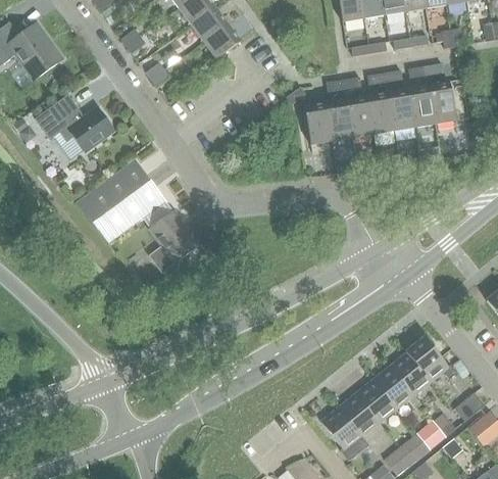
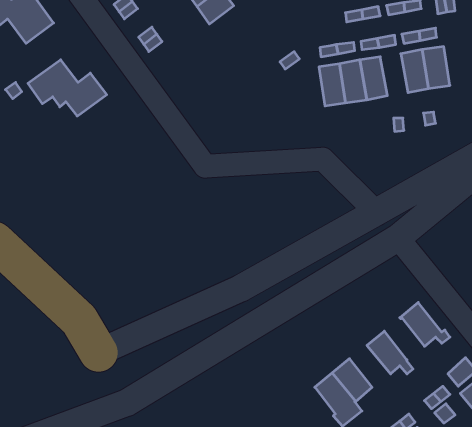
building: [387,88,414,130] -> none
building: [304,101,332,144] -> none
building: [86,158,166,237] -> none
building: [149,210,198,272] -> none
building: [391,351,434,395] -> none
building: [356,379,397,421] -> none

